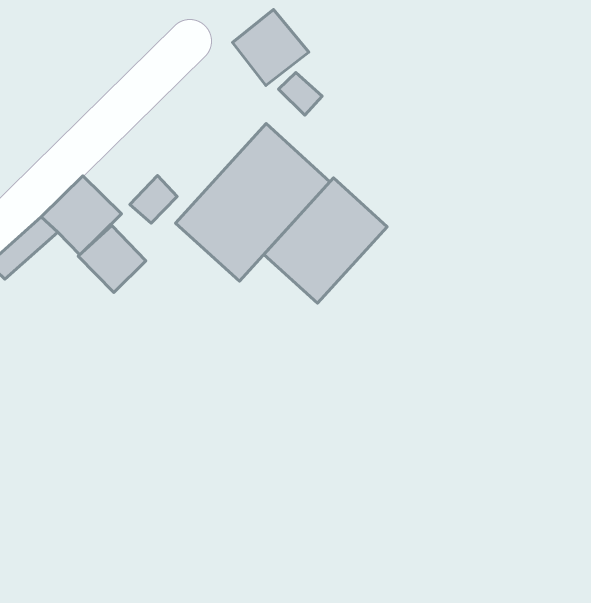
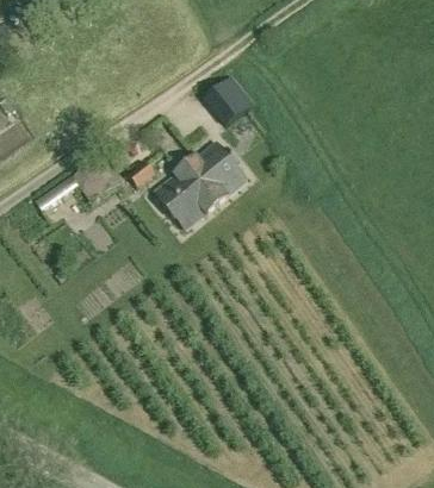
building: [264,178,387,303] -> none
building: [78,225,146,292] -> none

